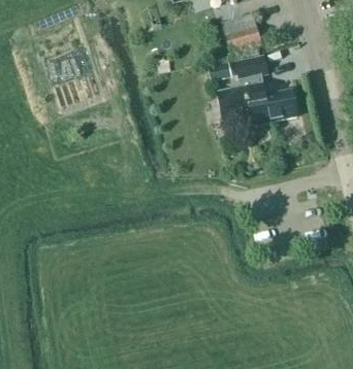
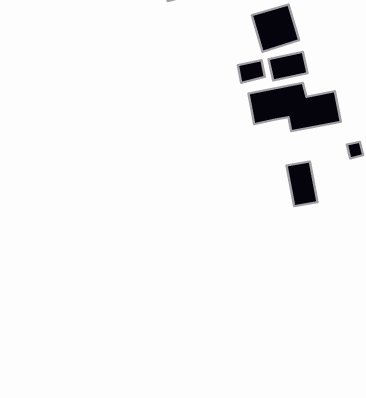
building: none -> [286,161,317,206]

